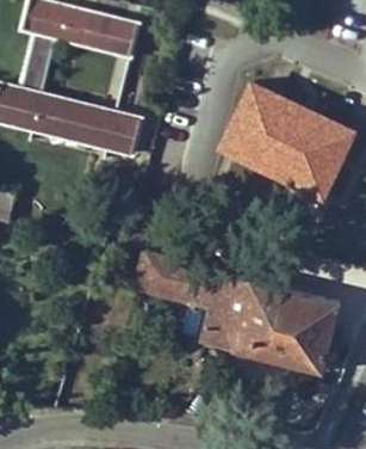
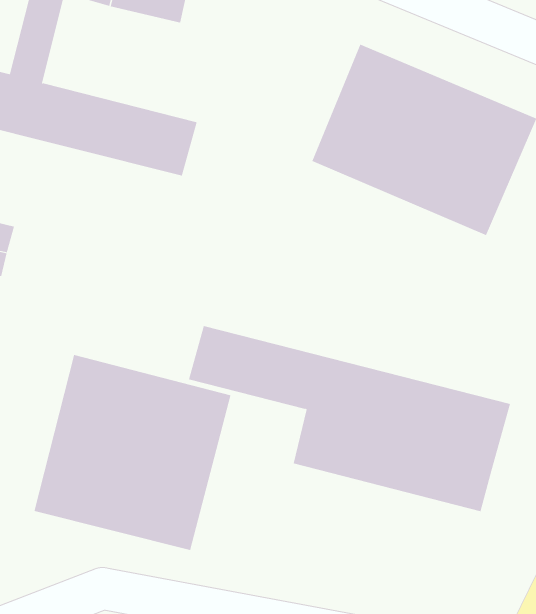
building: none -> [34,354,231,551]

